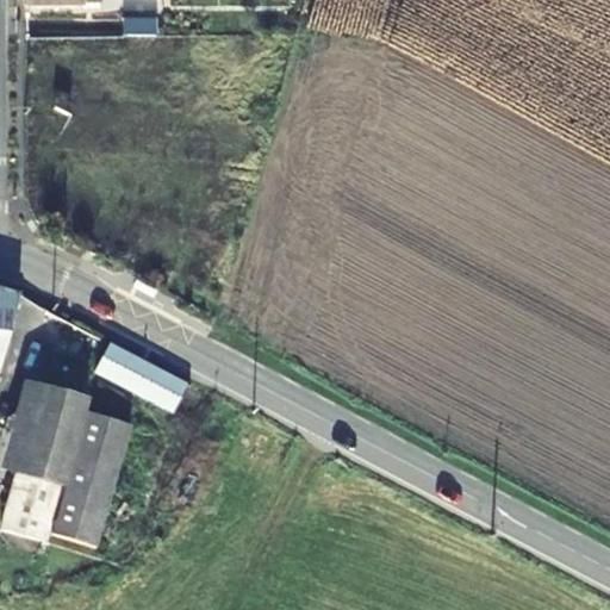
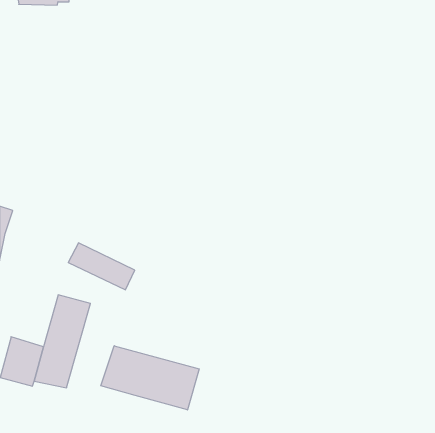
building: [15,387,85,485] -> none
building: none -> [101,346,199,410]

